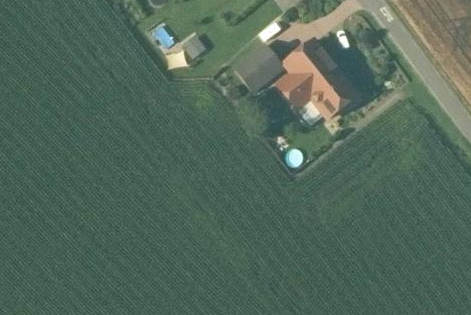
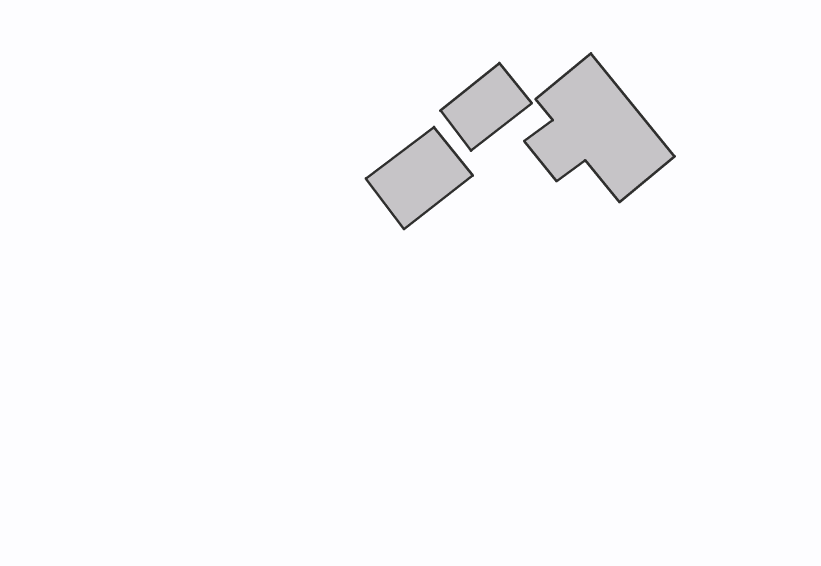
building: none -> [366,127,473,229]

